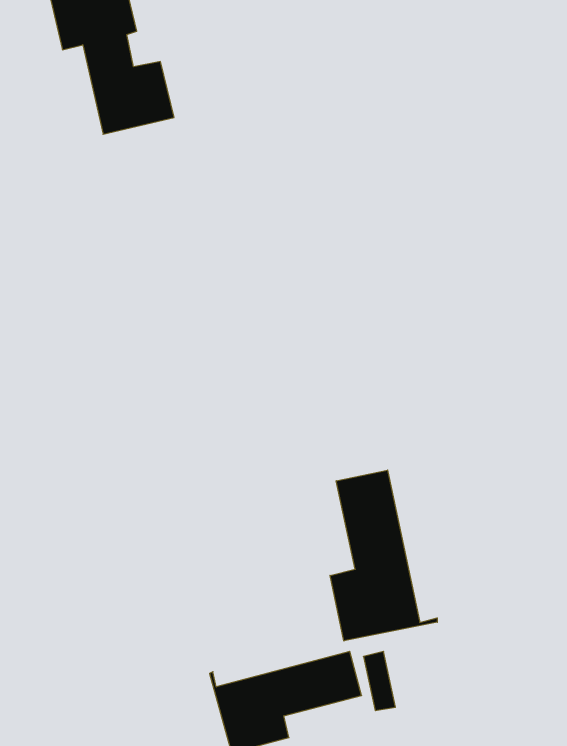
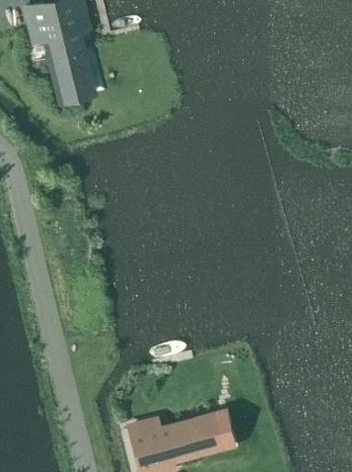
building: [330,470,437,641] -> none

